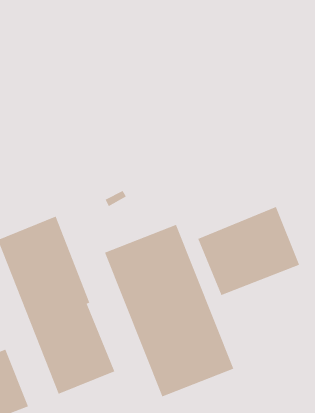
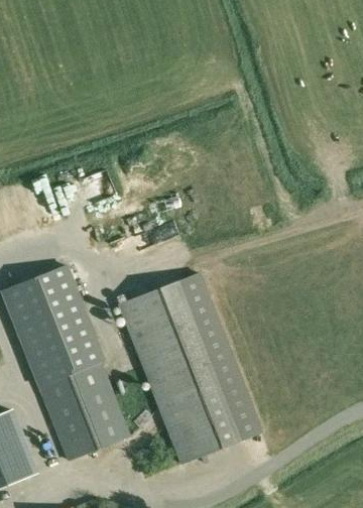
building: [197,206,300,296] -> none

